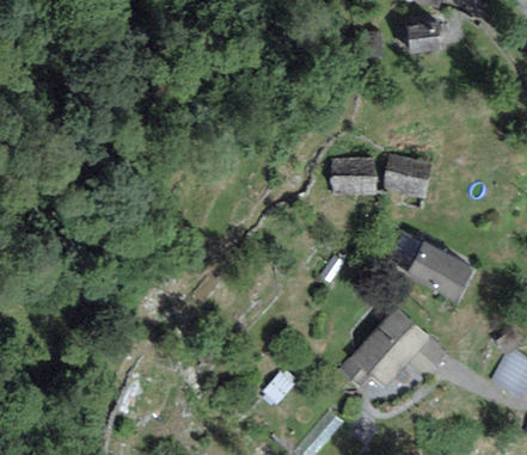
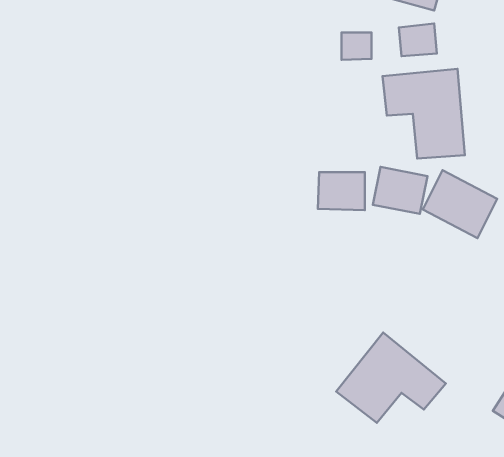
building: none -> [382,69,465,158]
building: [405,240,473,302] -> [423,170,497,238]

